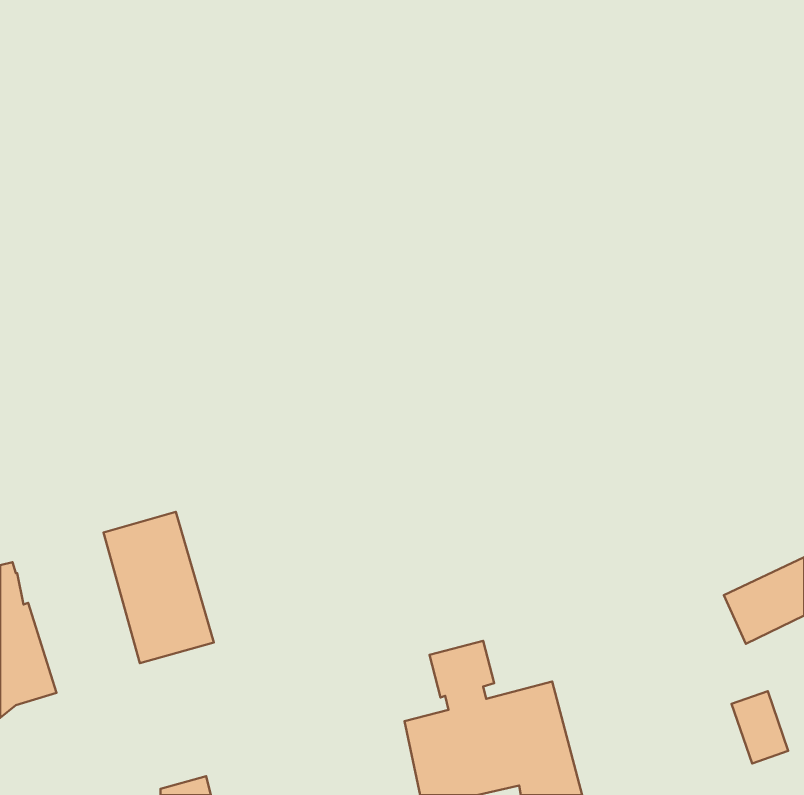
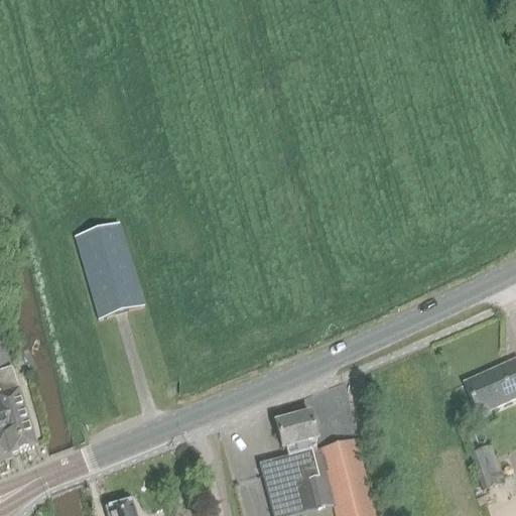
building: [104,512,214,663] -> [74,221,144,317]

